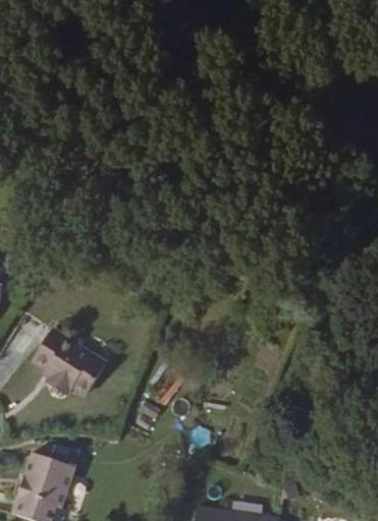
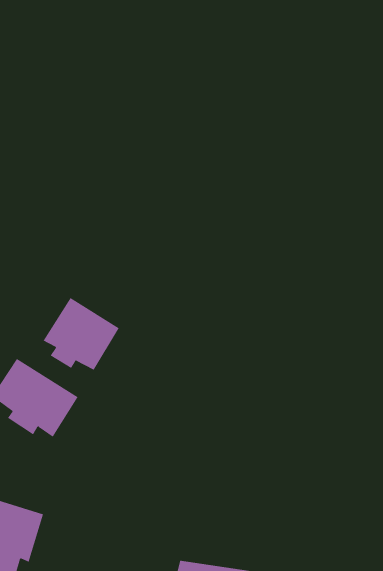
building: none -> [43,297,120,370]

